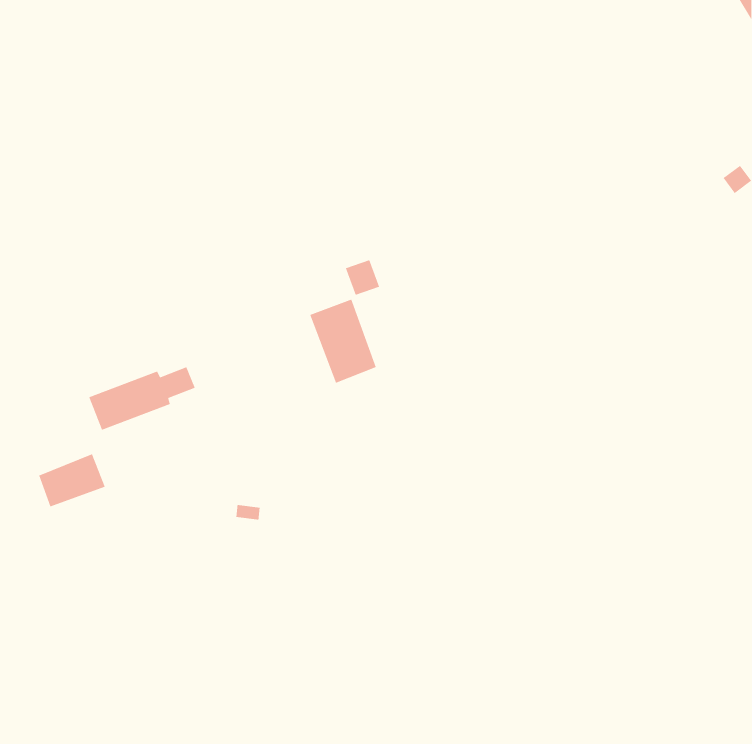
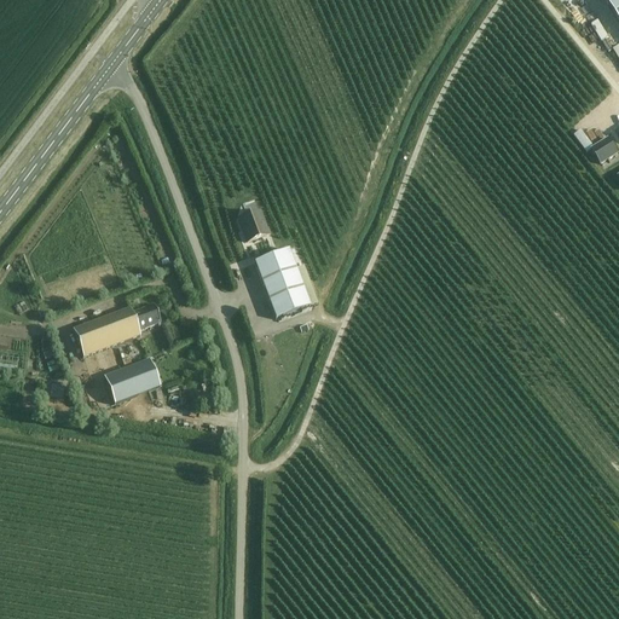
building: [345,259,380,296] -> [238,208,267,238]
building: [38,453,106,508] -> [104,355,160,400]

